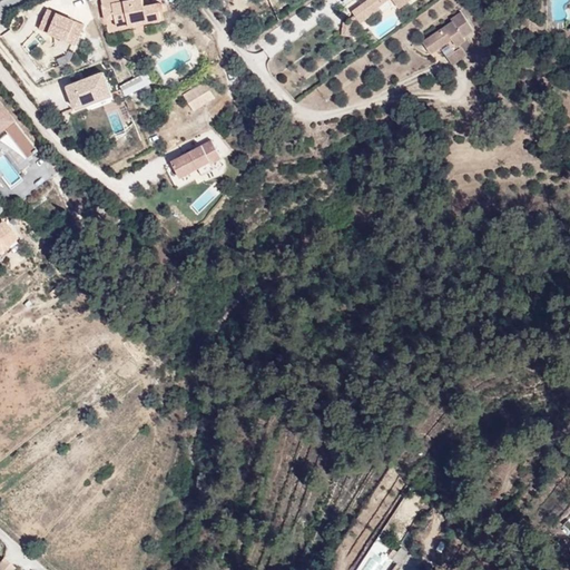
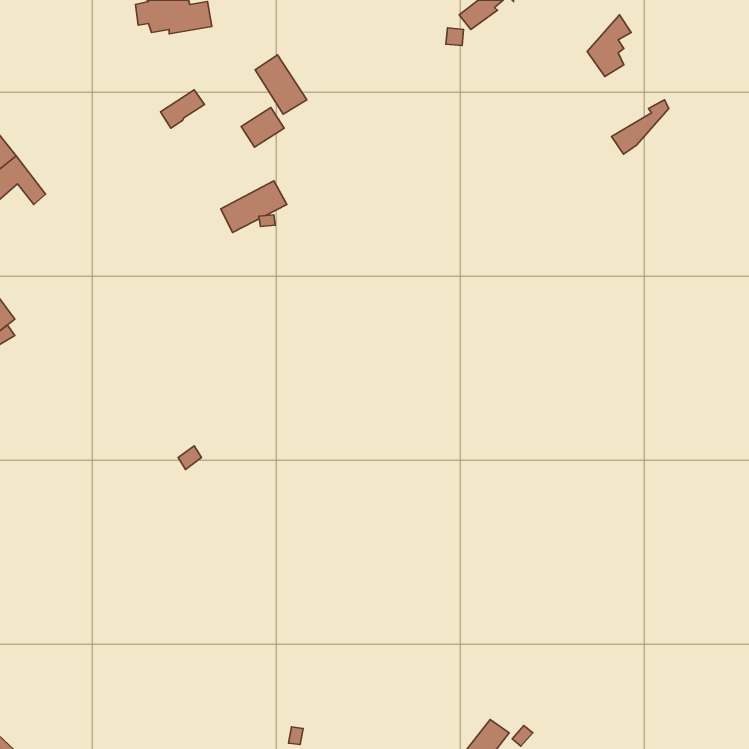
building: [425,7,469,48] -> [612,100,669,154]
building: [35,8,79,45] -> none
building: none -> [255,55,307,114]
building: [60,70,108,108] -> none

